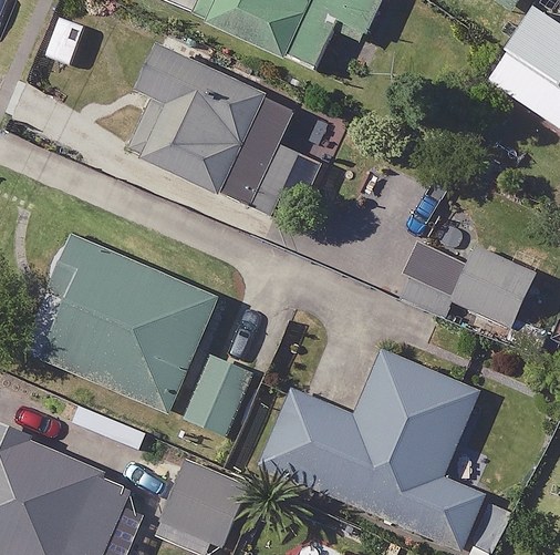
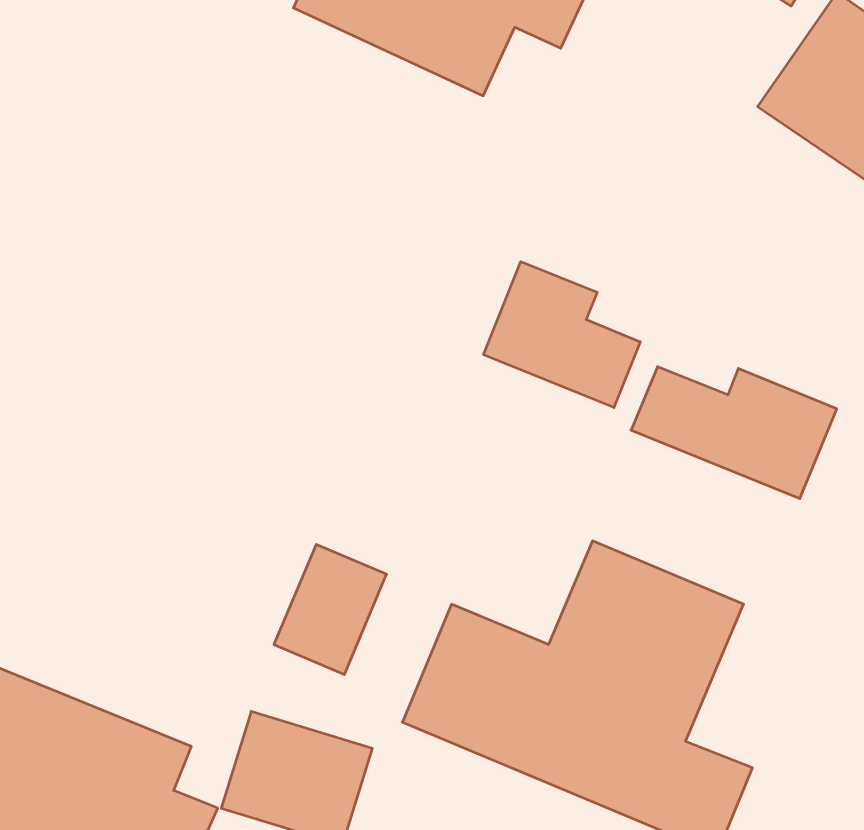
building: [128,42,321,214] -> none
building: none -> [484,262,640,408]
building: [25,237,217,411] -> none

